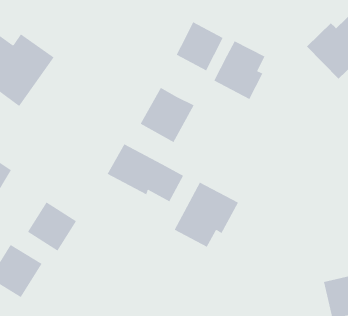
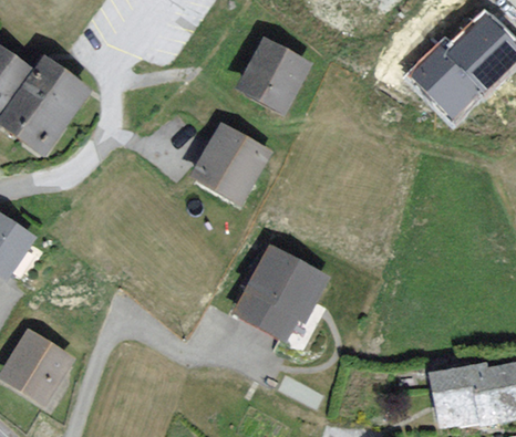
building: [214,41,265,100] -> none
building: [107,143,184,202] -> none
building: [27,201,77,252] -> none

